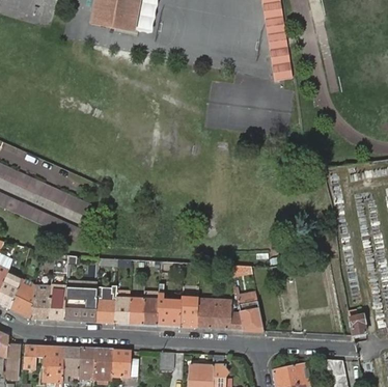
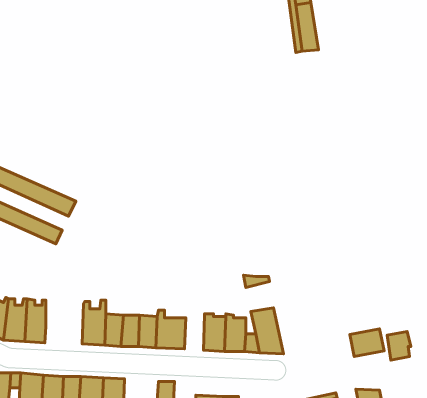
building: [64,287,96,322] -> none
building: [181,296,197,327] -> none
building: none -> [350,329,384,357]

